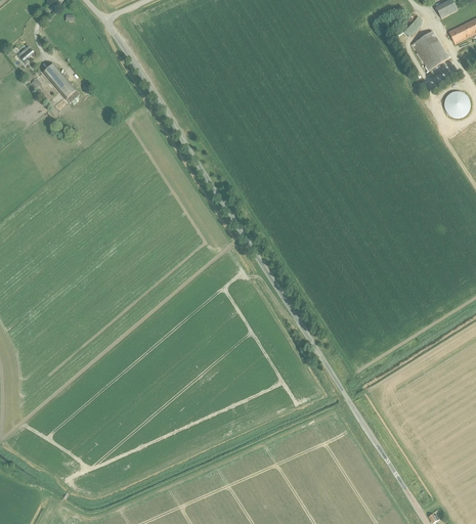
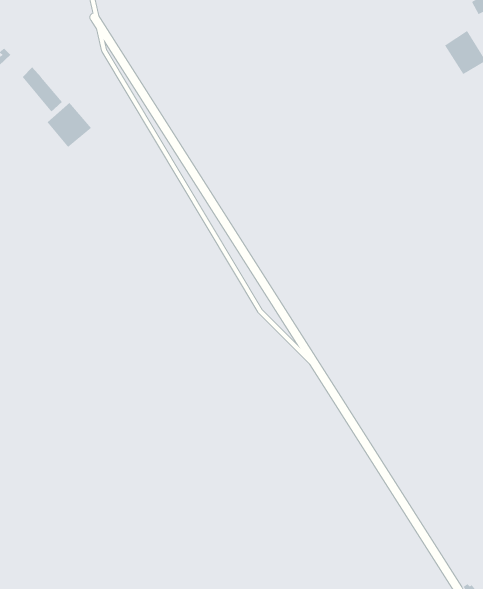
building: none -> [47,102,92,148]

